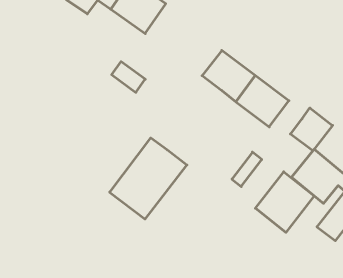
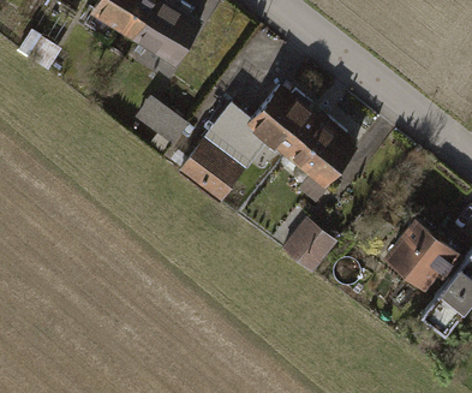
building: [290,108,333,151] -> none
building: [110,138,187,219] -> [189,107,288,212]
building: [255,172,314,232] -> none

